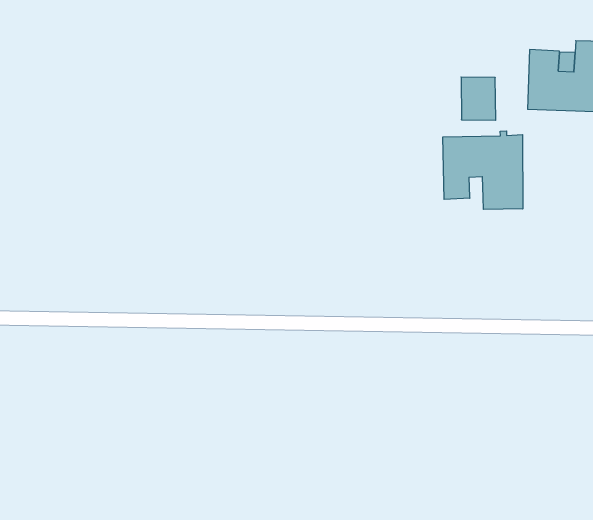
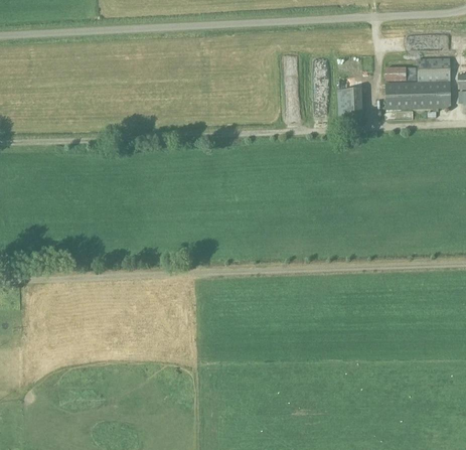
building: [443,131,523,209] -> none

